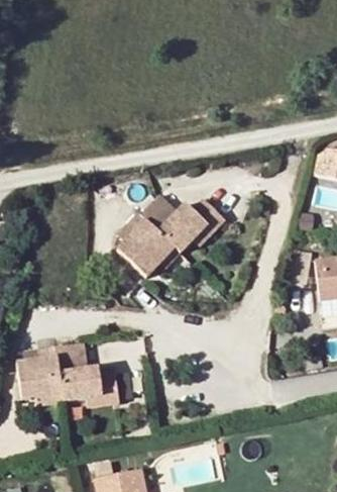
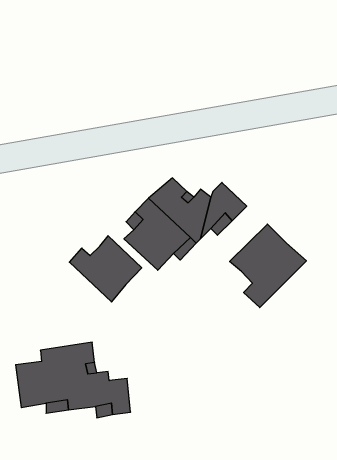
building: none -> [230,224,306,308]
building: none -> [69,236,142,302]

